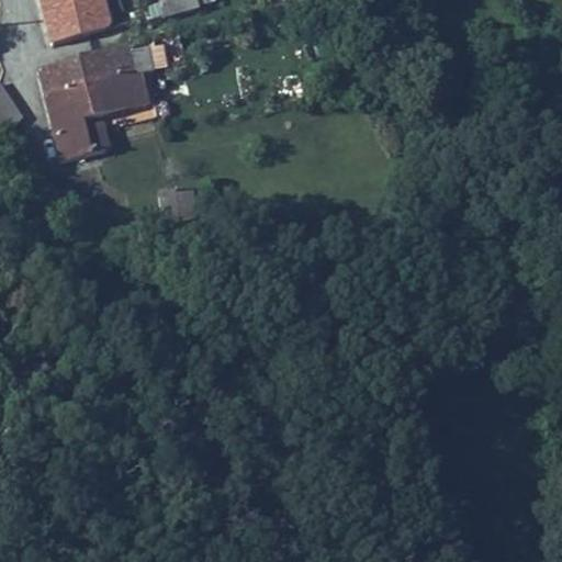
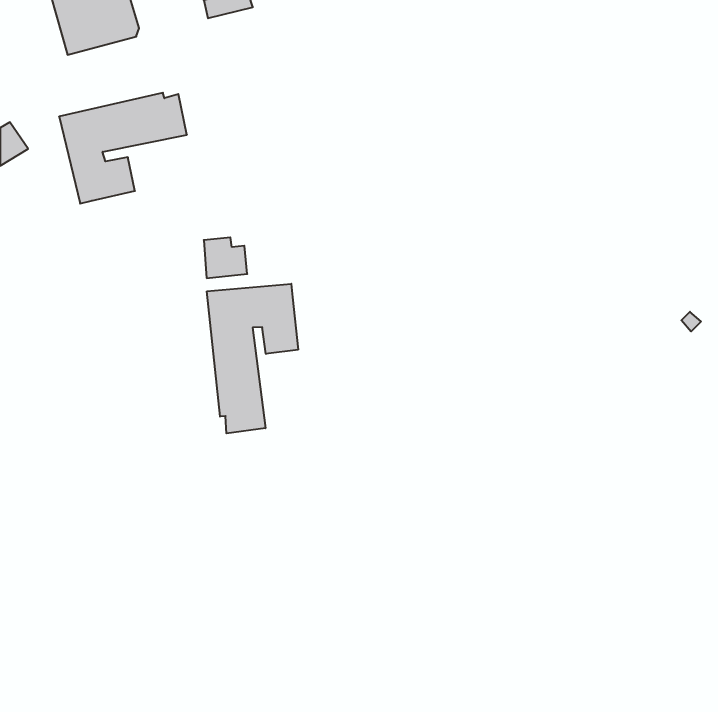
building: [40,43,167,91] -> none
building: none -> [207,284,298,433]

